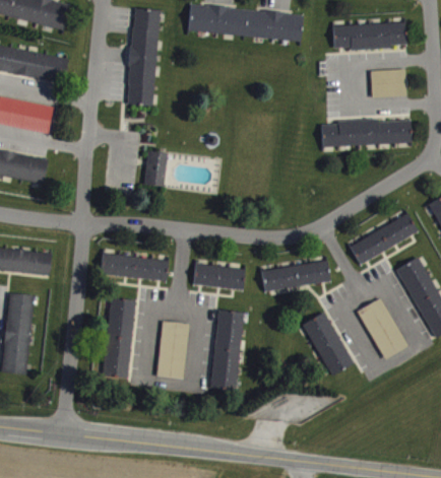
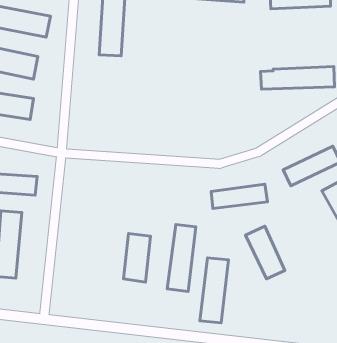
building: [371,69,406,97] -> none
building: [143,150,169,187] -> none
building: [101,254,168,281] -> none
building: [193,263,246,291] -> none
building: [104,298,134,379] -> none
building: [359,298,406,359] -> none
building: none -> [200,258,229,323]

